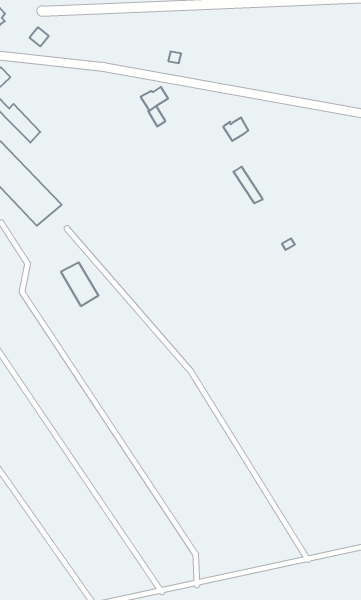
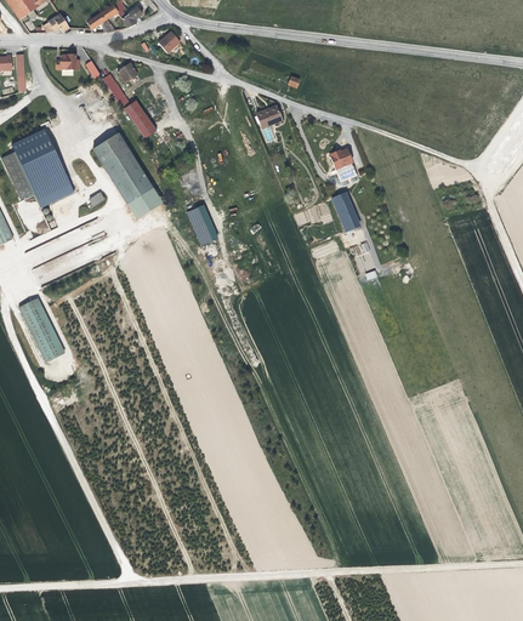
building: [61,262,99,306] -> [187,204,218,245]

